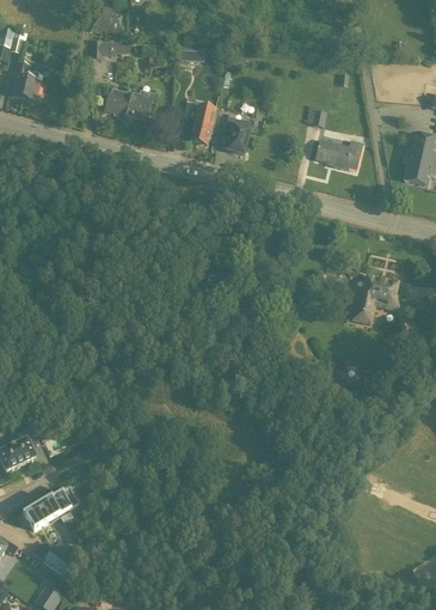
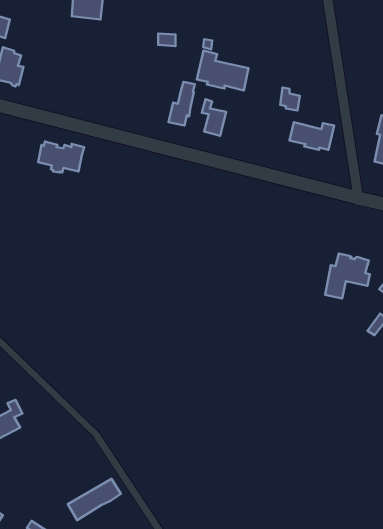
building: [91,39,130,59] -> none
building: none -> [197,50,249,90]
building: [105,87,153,120] -> [38,141,84,172]
building: [24,486,79,529] -> [68,479,121,520]

